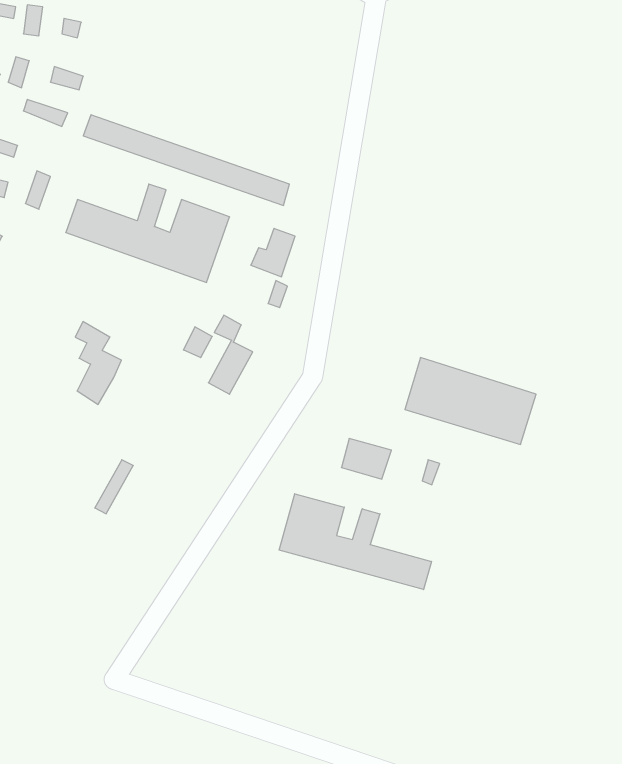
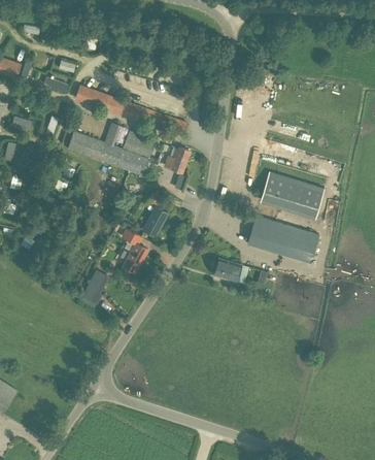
building: none -> [261,172,326,217]
building: [75,322,121,404] -> [123,228,147,272]
building: [279,494,431,590] -> none

